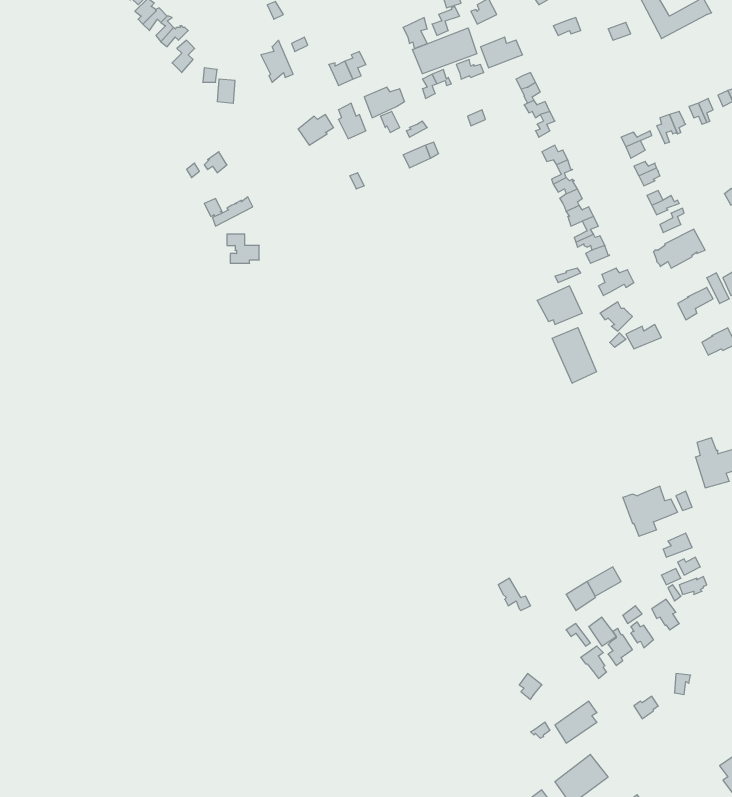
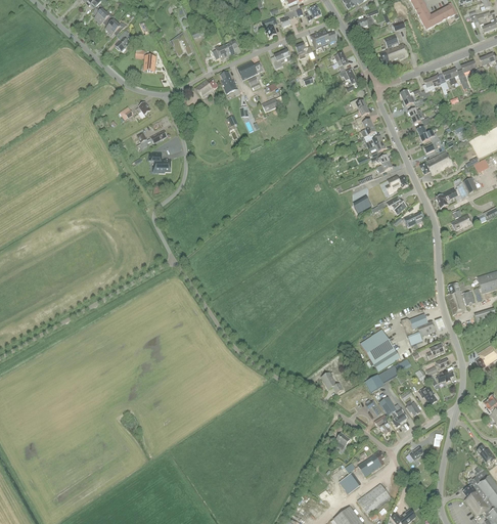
building: [412,28,477,74] -> none
building: none -> [378,33,408,63]
building: [552,328,597,383] -> none
building: none -> [360,329,400,370]

